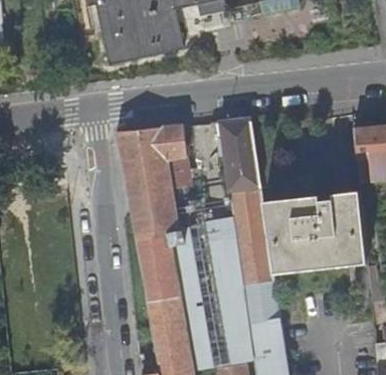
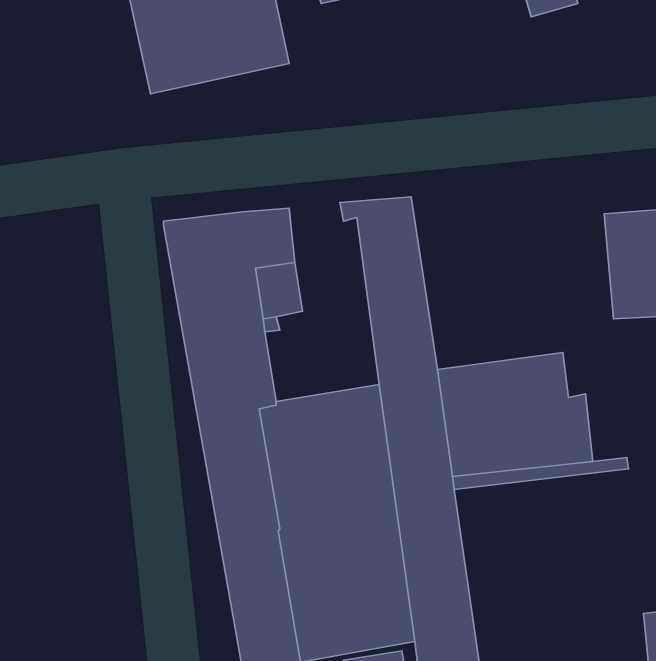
building: [332,199,366,260] -> none

